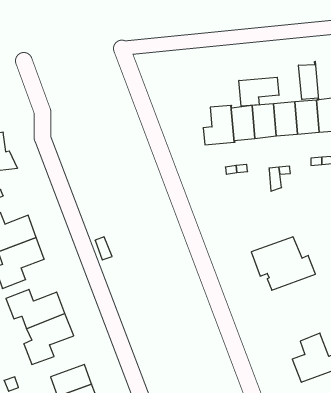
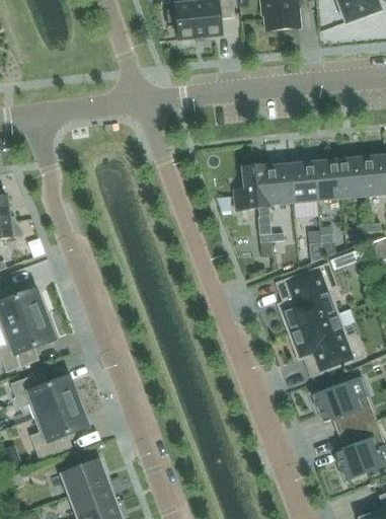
building: [299,61,318,100] -> none
building: [239,77,279,106] -> none
building: none -> [278,265,336,330]
building: none -> [313,378,367,432]

